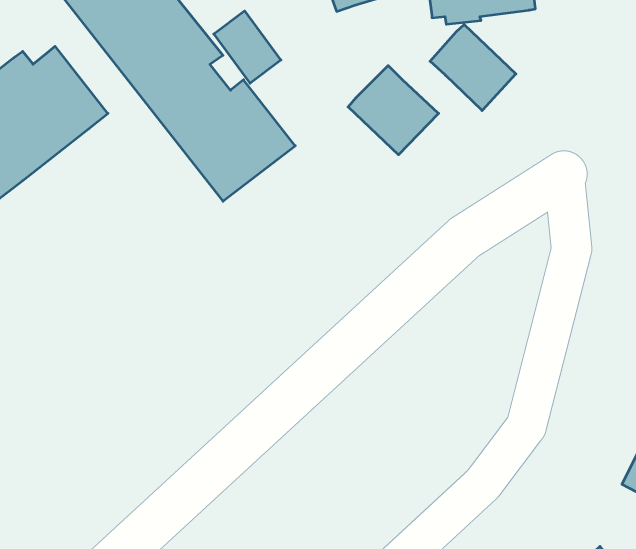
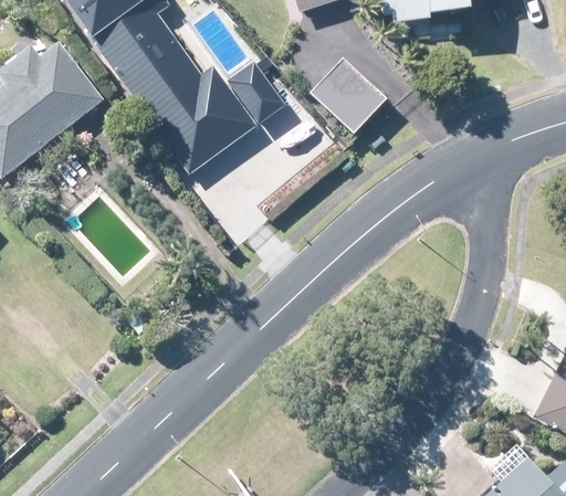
building: [214,11,281,83] -> [234,59,292,120]
building: [430,25,516,111] -> none

